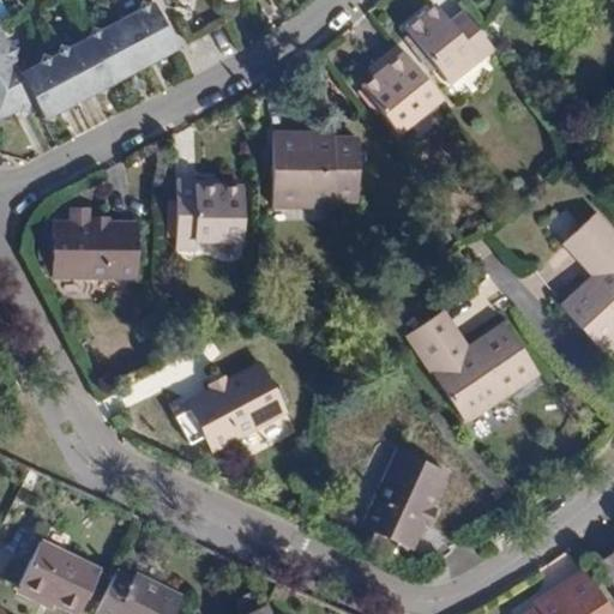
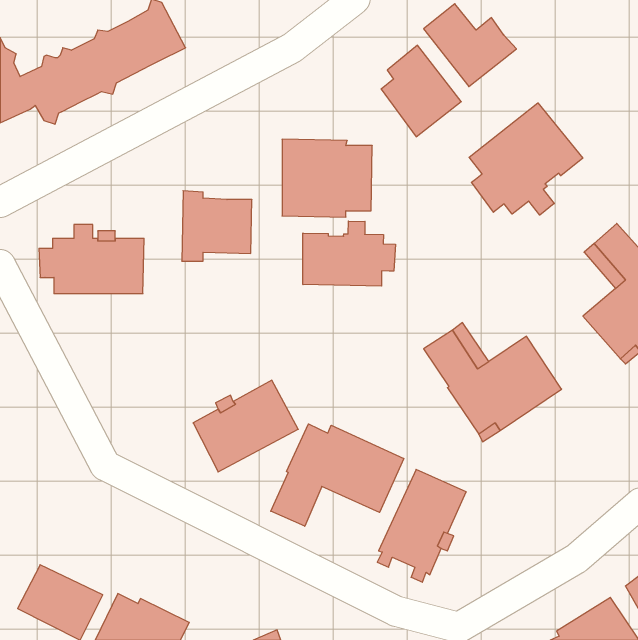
building: none -> [469,103,583,215]
building: none -> [303,221,395,286]
building: none -> [271,424,404,526]

